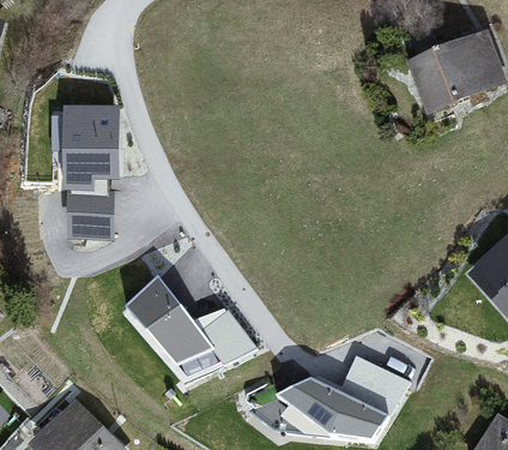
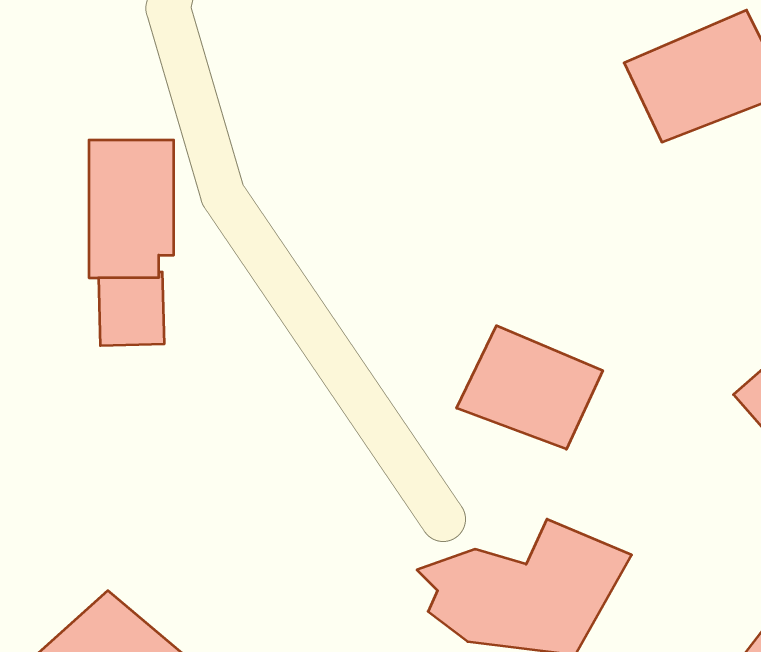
building: none -> [457,326,603,449]
building: [119,271,253,377] -> none

